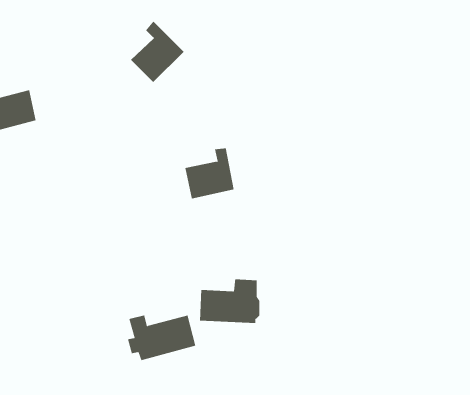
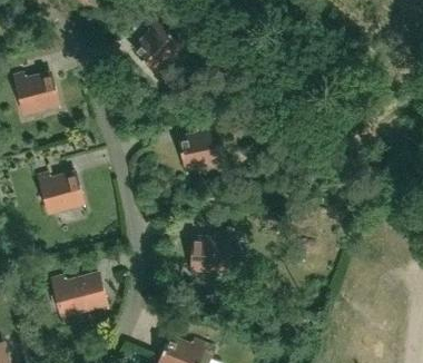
building: none -> [38,173,83,209]
building: [127,315,196,361] -> [50,276,107,314]

